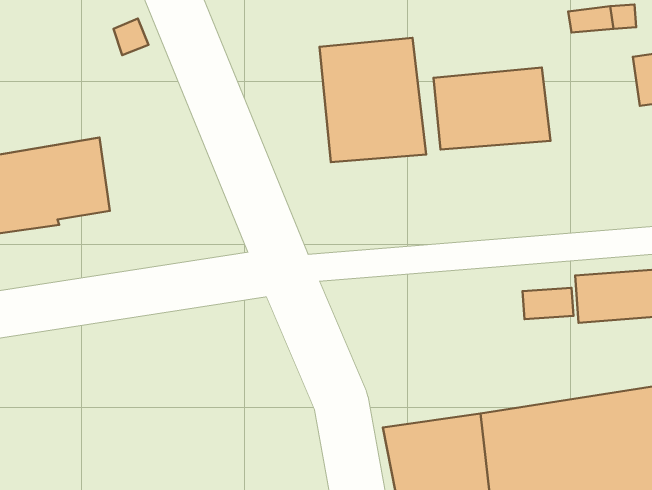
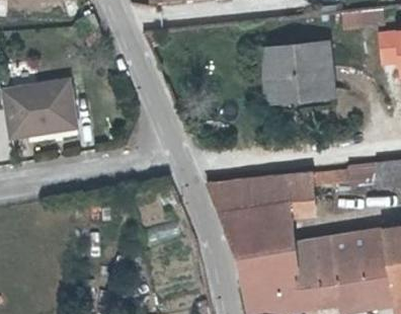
building: [320,38,426,162] -> none
building: none -> [206,173,312,252]

